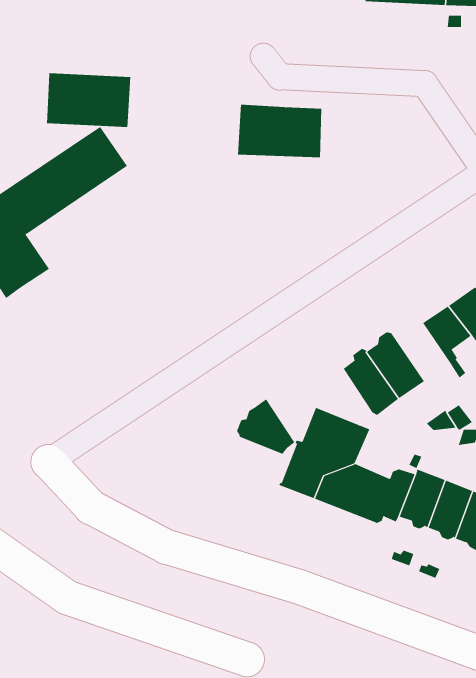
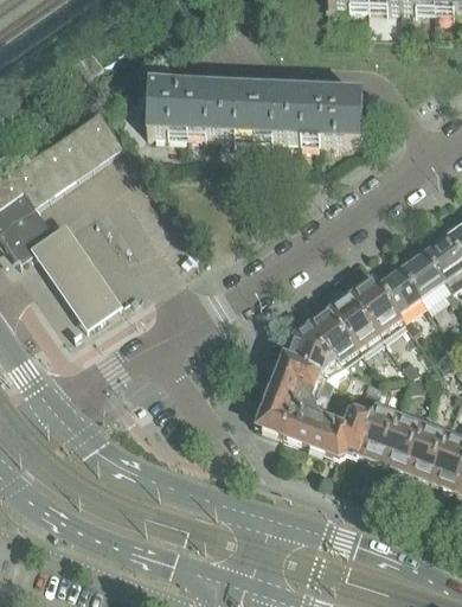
building: [46,67,131,128] -> [148,83,222,135]
building: none -> [291,92,361,141]
building: none -> [32,226,123,332]
building: none -> [353,273,403,331]
building: [236,398,295,455] -> [284,320,335,369]

